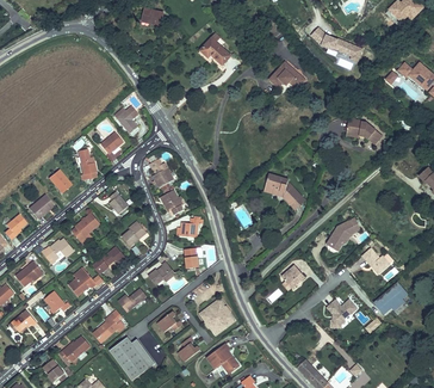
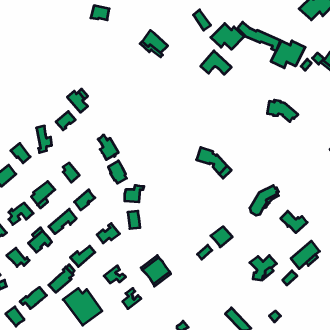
building: none -> [211,23,244,49]
building: none -> [271,41,305,68]
building: [206,343,238,377] -> none

